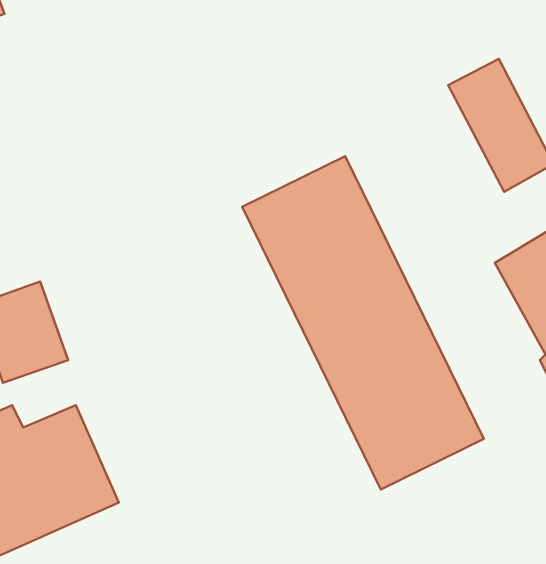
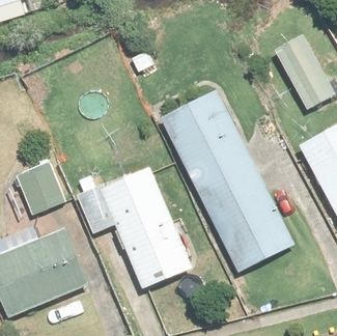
building: none -> [74,166,195,289]

